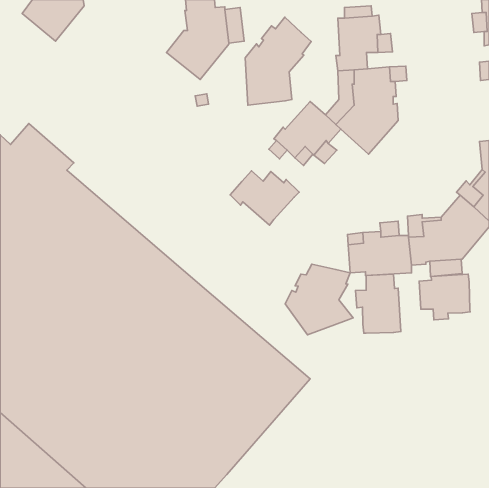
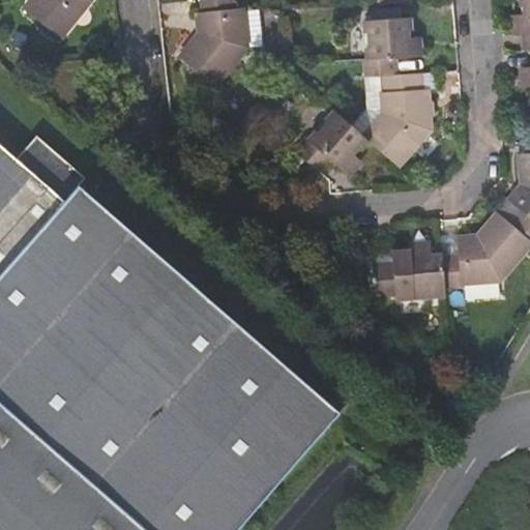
building: [245,17,311,105] -> none
building: [230,171,299,225] -> none
building: [285,264,353,335] -> none
building: [356,274,401,333] -> none
building: [419,274,470,320] -> none

